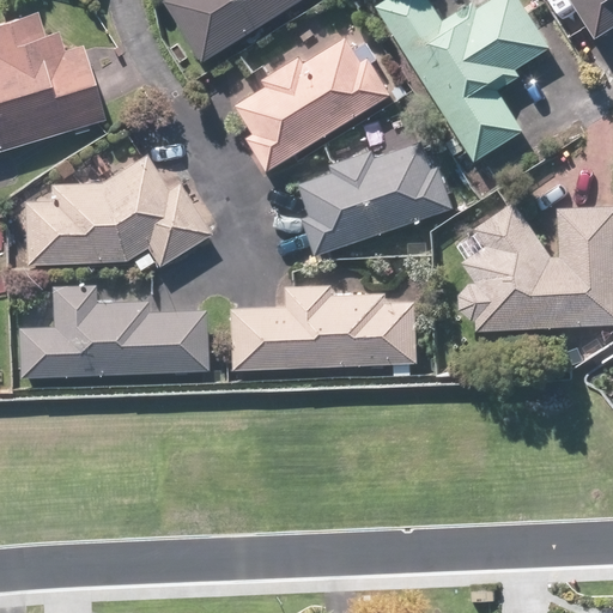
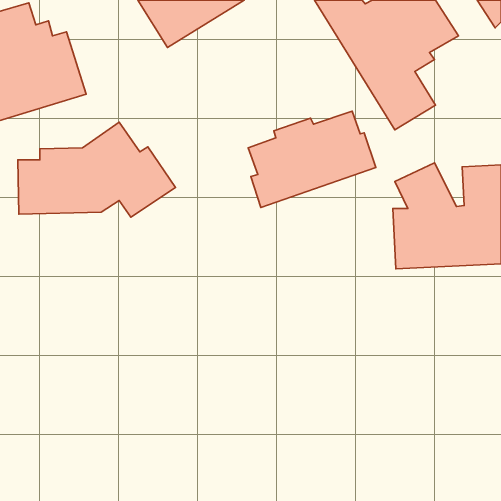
building: [236,34,392,171] -> none
building: [16,285,205,378] -> none
building: [224,285,419,372] -> none

